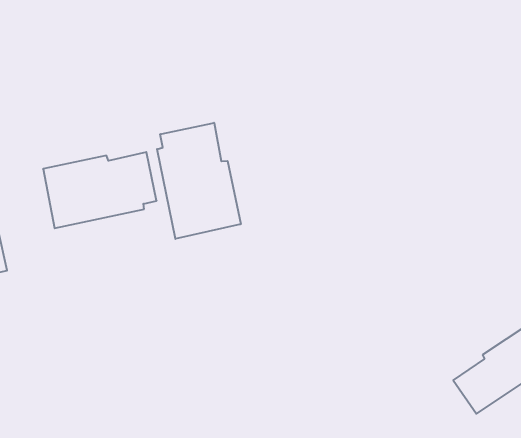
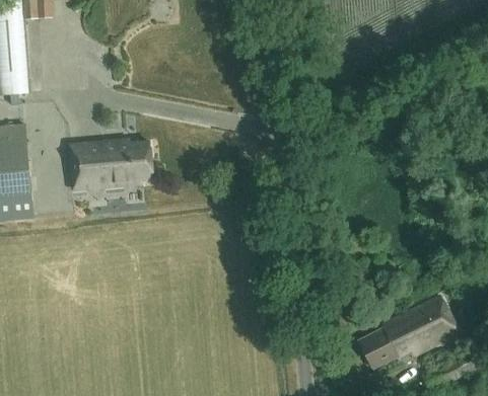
building: [157,123,241,239] -> none

